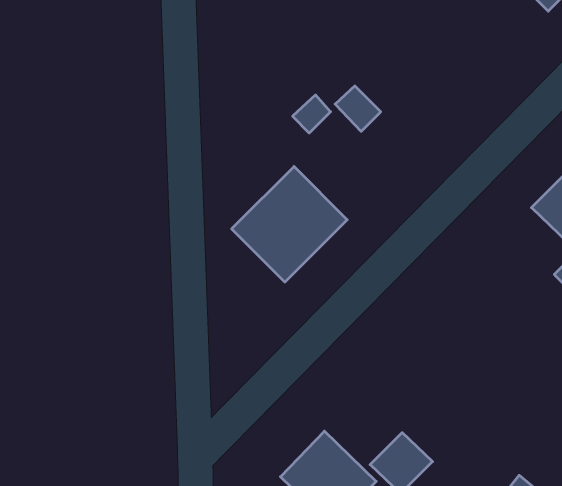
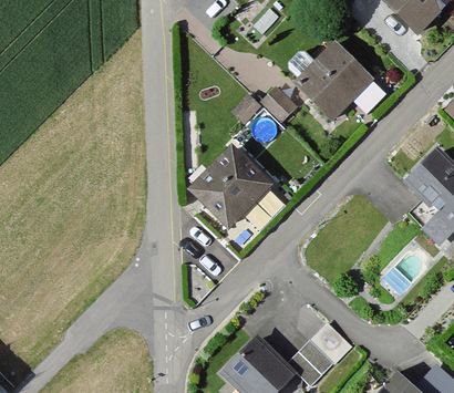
building: none -> [295,40,374,120]

